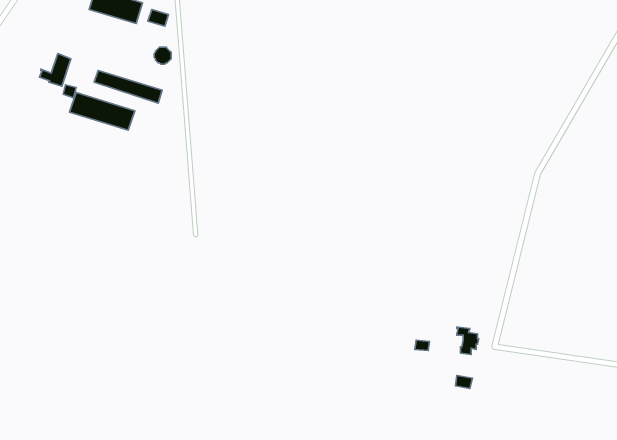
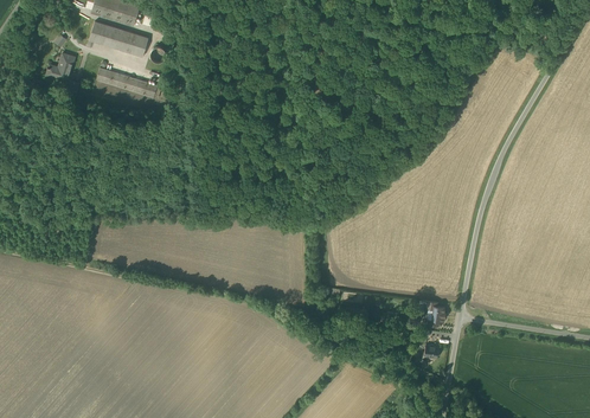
building: [70,92,135,130] -> [89,21,148,56]

